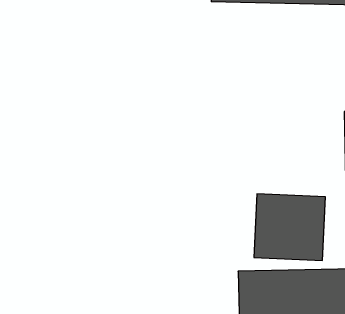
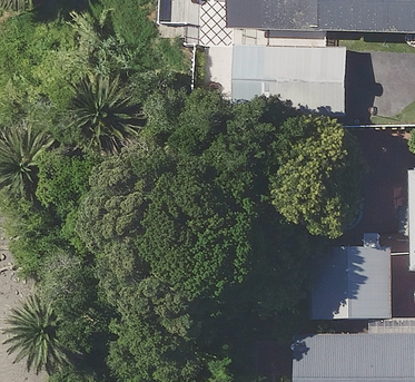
building: none -> [240,40,352,88]

